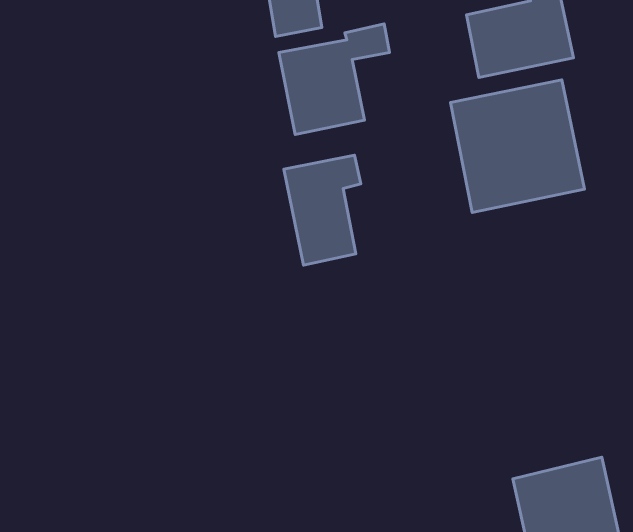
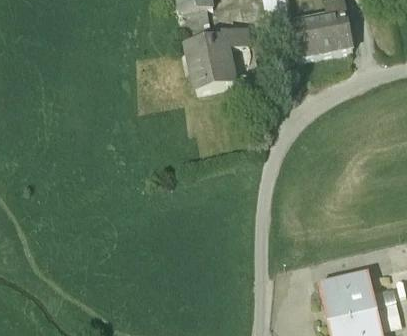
building: [451,80,584,213] -> none
building: [284,155,361,265] -> none

